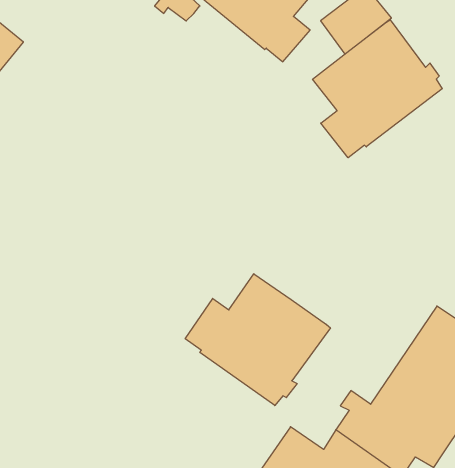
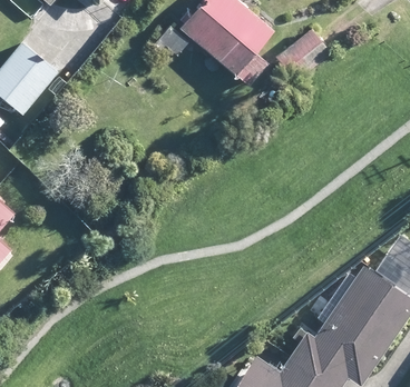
building: [313,20,442,158] -> none
building: [185,274,330,406] -> none

